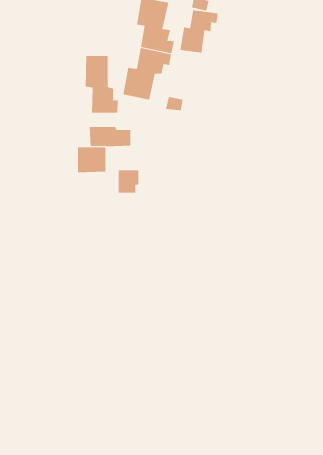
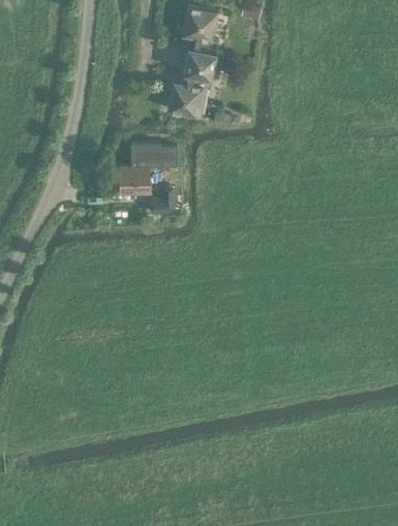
building: [180,10,218,53] -> none
building: [85,55,118,114] -> none

